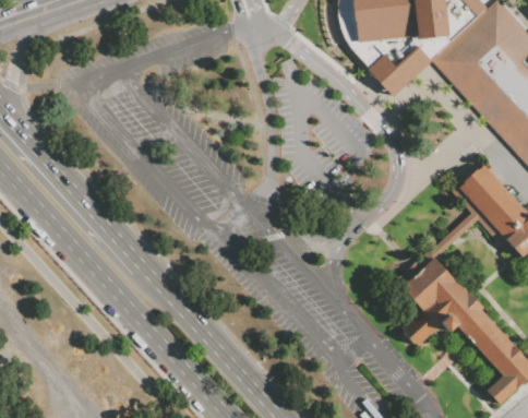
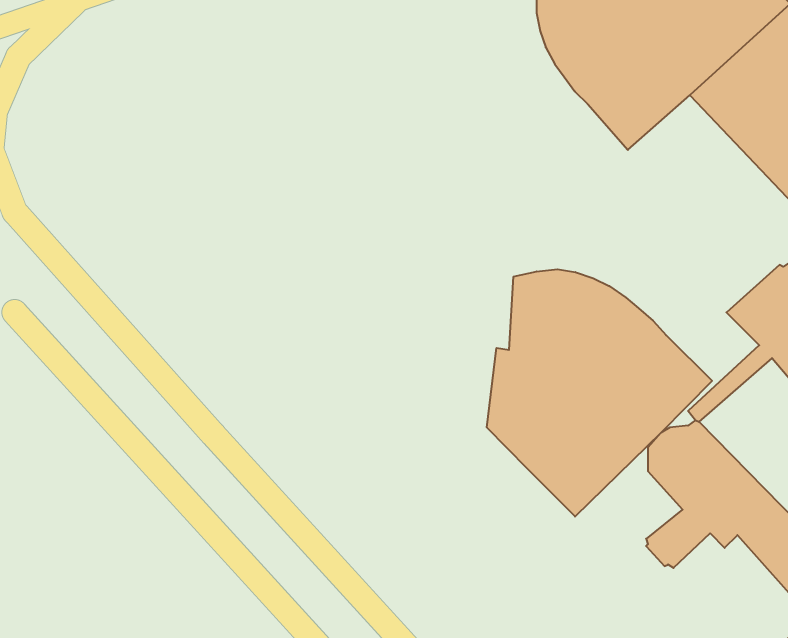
building: none -> [487,269,712,517]

